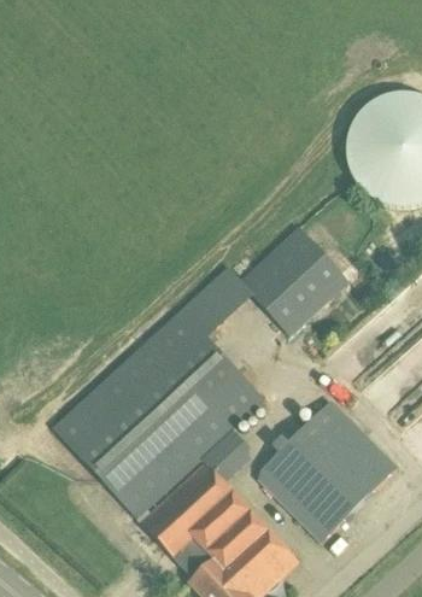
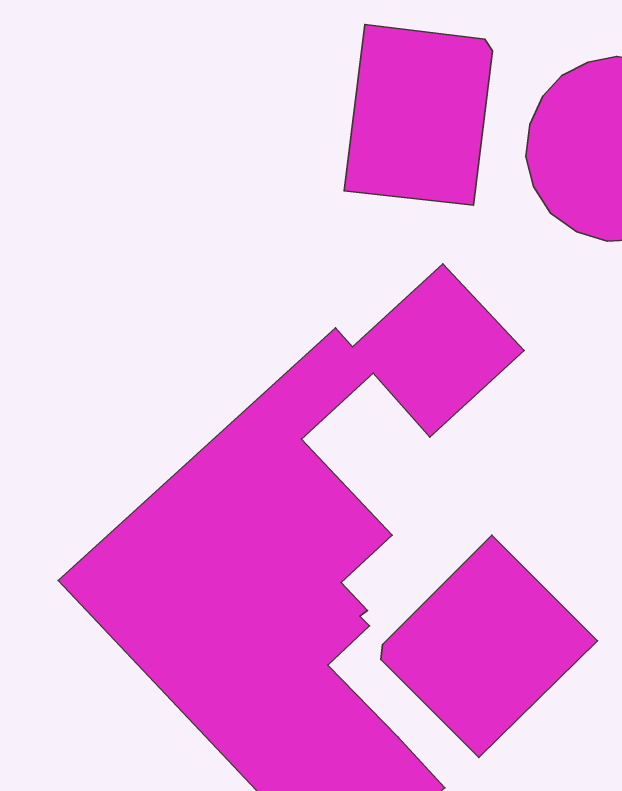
building: none -> [344,24,493,205]

